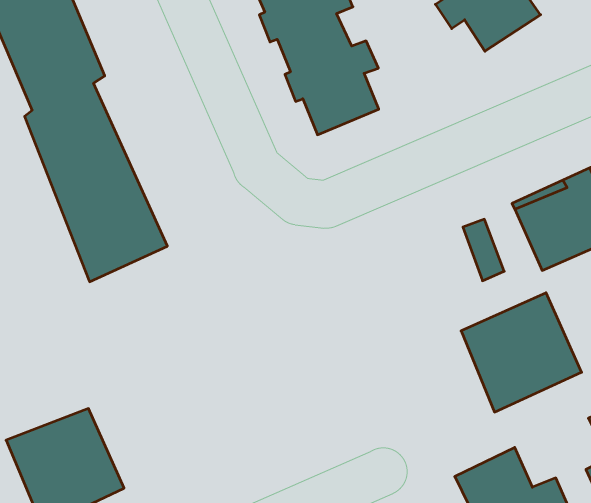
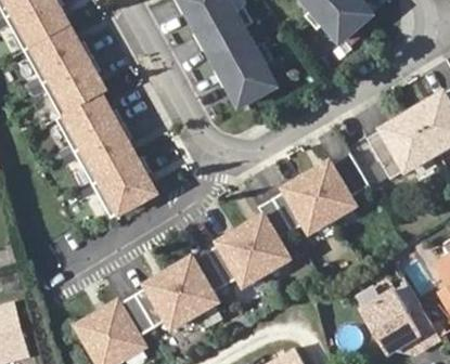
building: [461,293,582,412] -> [277,156,356,235]
building: none -> [210,210,288,286]
building: none -> [139,250,217,332]

